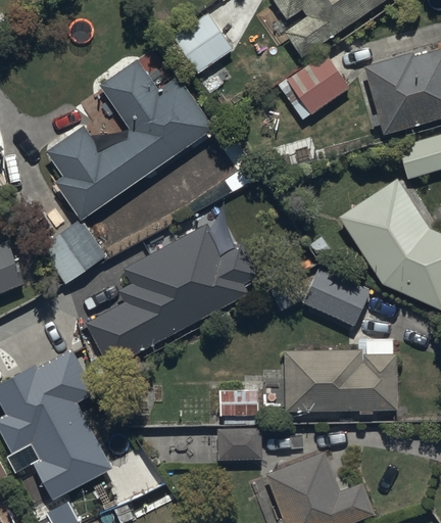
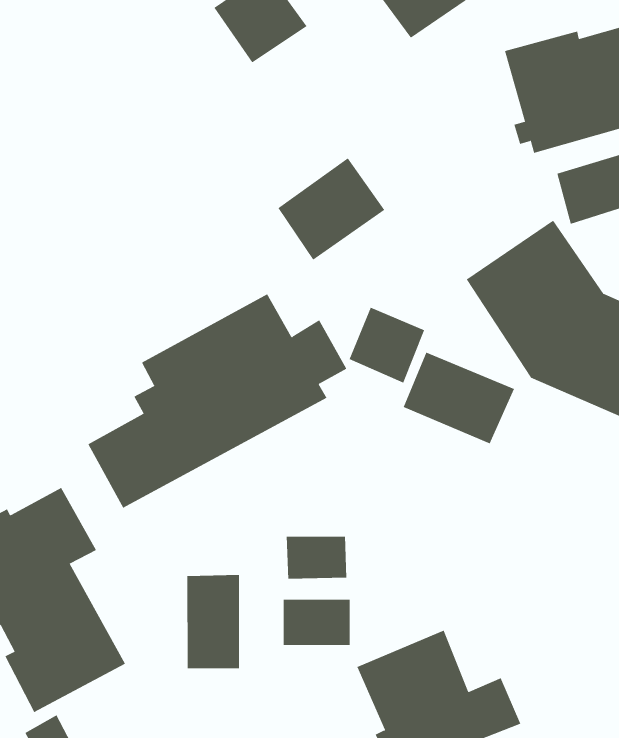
building: [277,52,348,121] -> [277,158,385,261]
building: [38,59,213,284] -> none
building: none -> [349,307,425,384]
building: [285,341,398,413] -> none
building: none -> [187,574,240,669]

